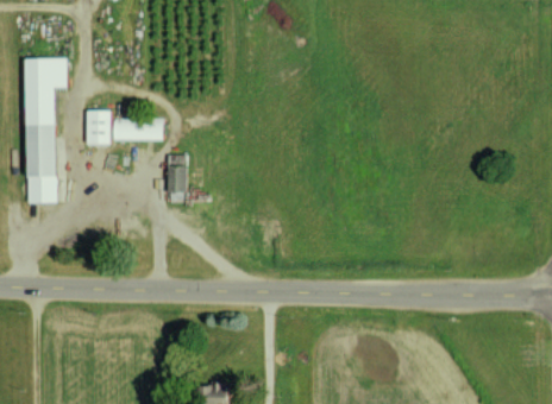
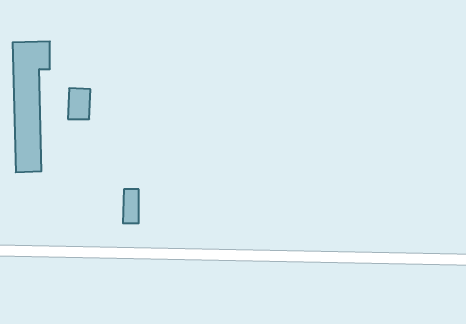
building: [111,119,162,140] -> none
building: [168,165,186,203] -> [123,189,139,223]

